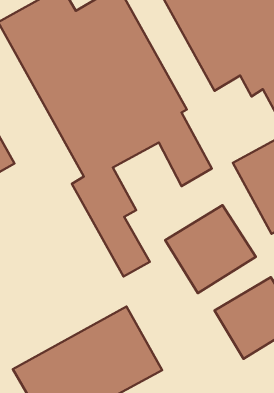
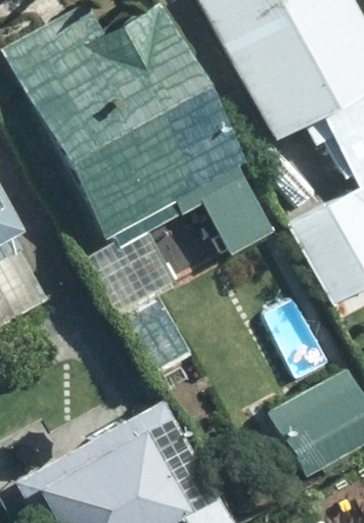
building: [165,205,256,293] -> none

